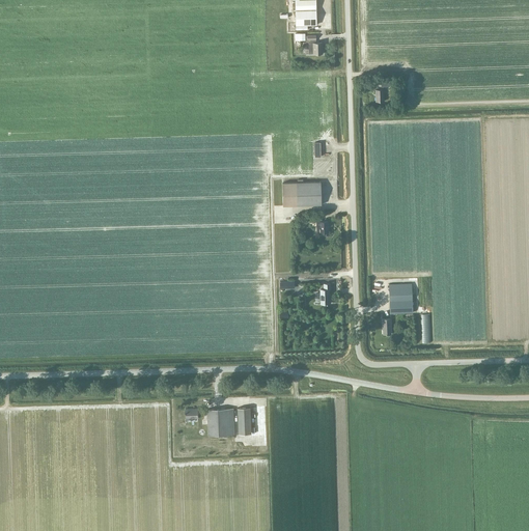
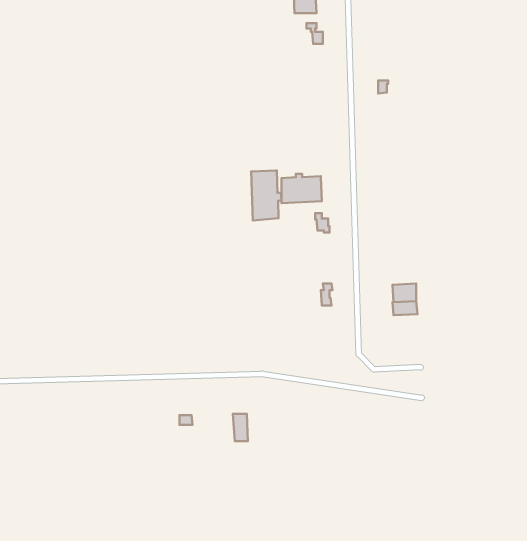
building: none -> [251,170,282,221]
building: [202,408,235,436] -> none

